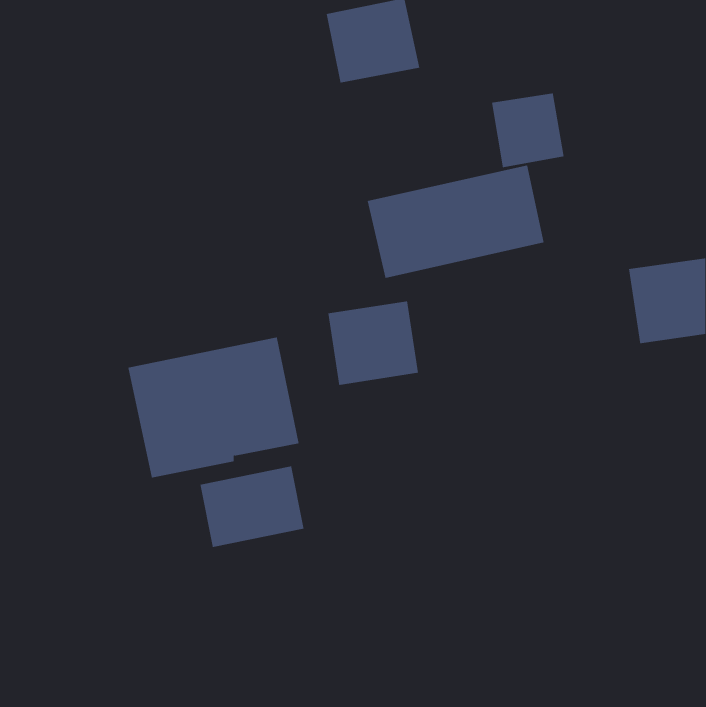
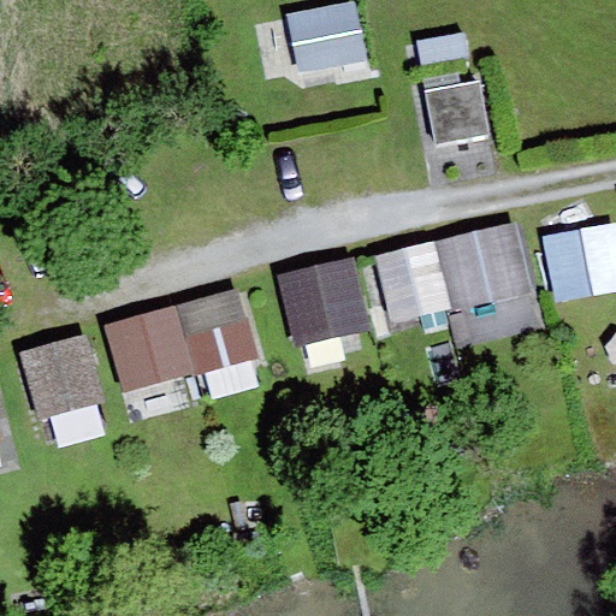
building: [367,165,544,278] -> [374,224,528,322]
building: none -> [20,337,99,419]
building: [200,466,304,548] -> none

